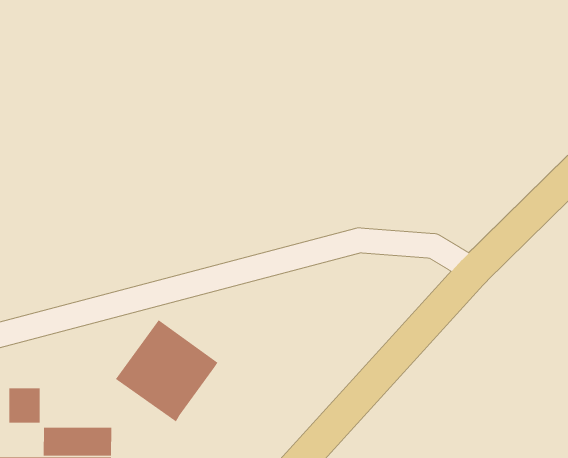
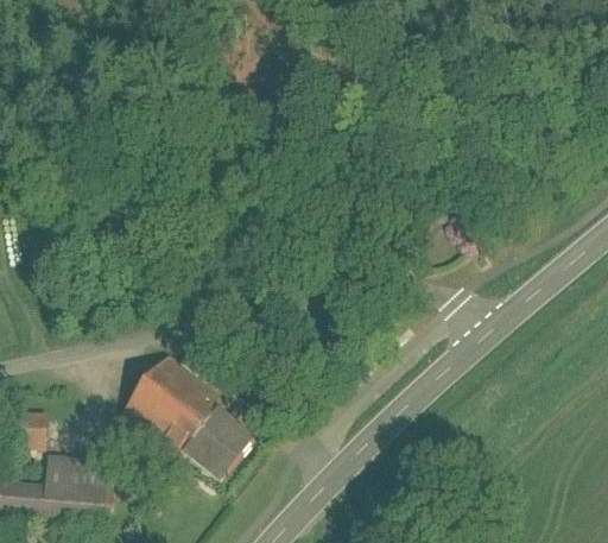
building: none -> [183,403,260,481]

